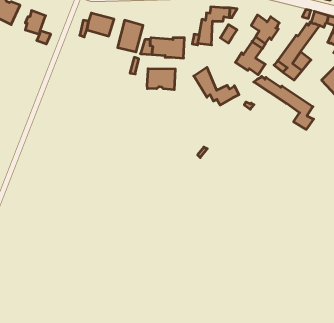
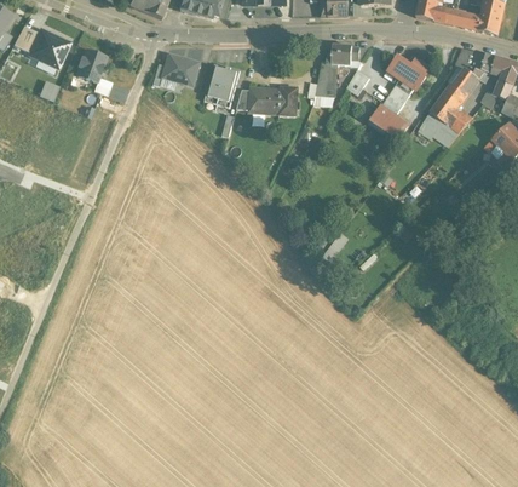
building: [194,67,239,105] -> none
building: [147,69,175,90] -> none
building: [254,76,314,129] -> none

